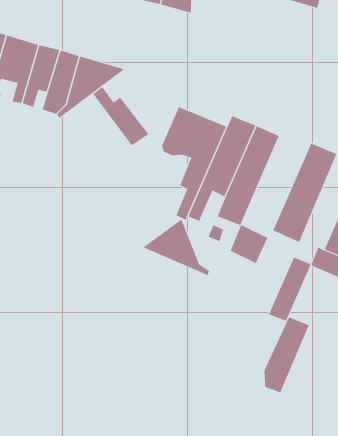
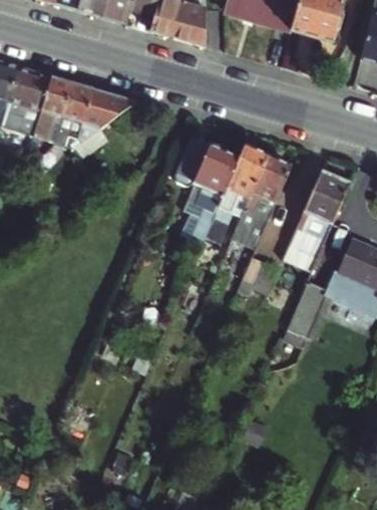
building: [93,86,149,146] -> none
building: [142,219,210,276] -> none
building: [264,316,309,393] -> none

